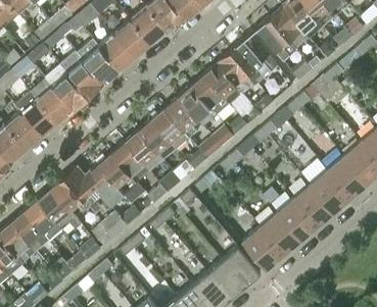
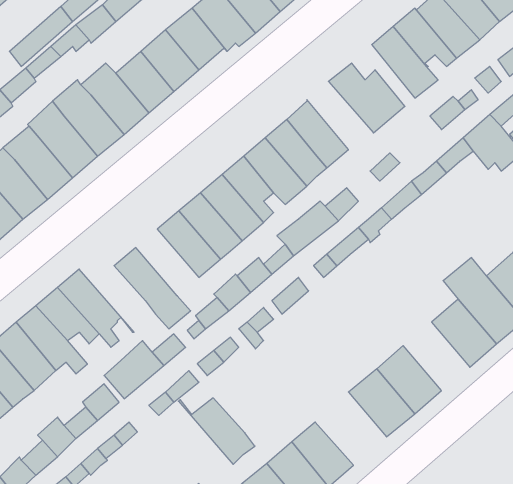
building: [217,51,257,93] -> none
building: [111,142,150,183] -> none
building: [77,164,124,205] -> [178,398,255,464]
building: [276,199,317,241] -> none
building: [222,247,261,287] -> none

